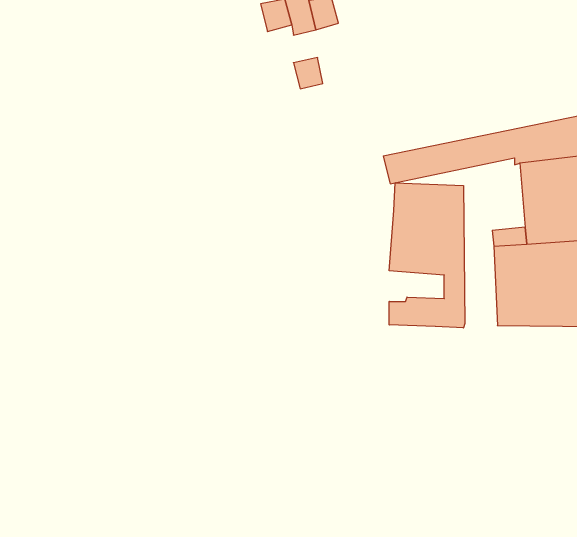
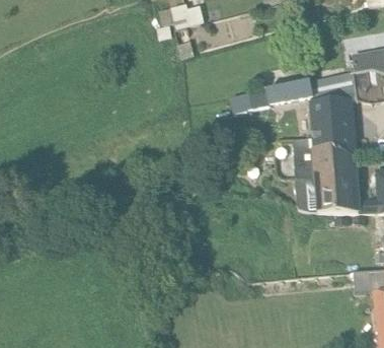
building: [389,183,465,328] -> none

